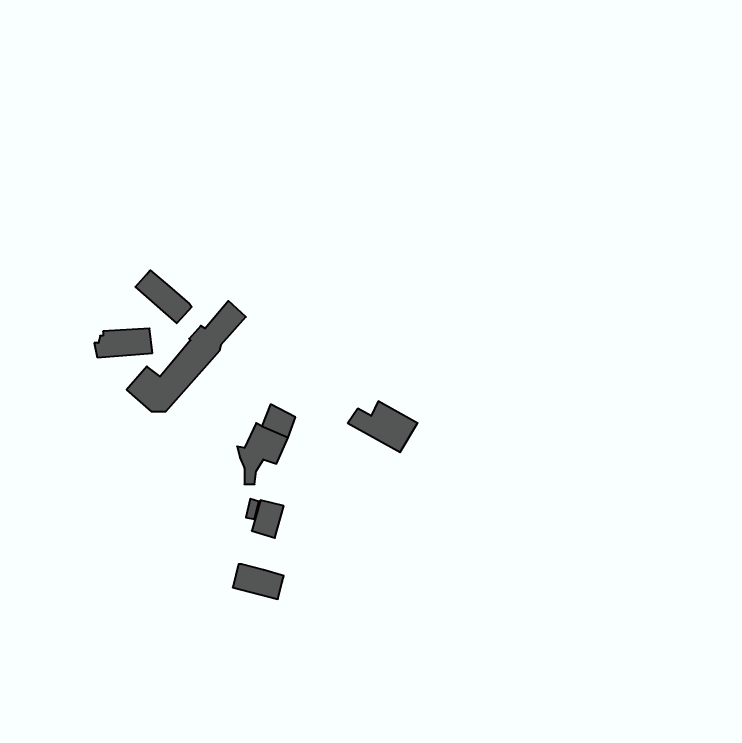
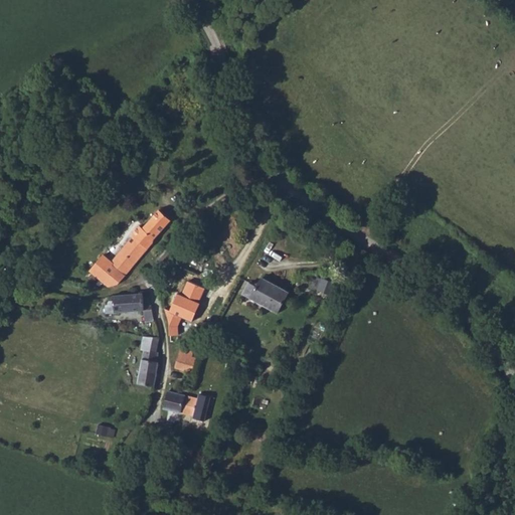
building: [135,270,192,323] -> none
building: [94,328,152,357] -> [104,294,144,314]
building: none -> [136,336,158,386]

